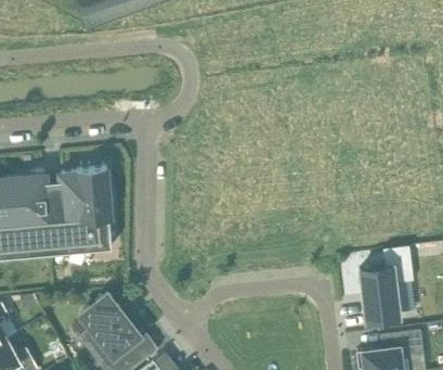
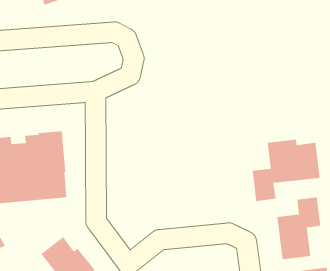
building: none -> [252,139,320,202]

